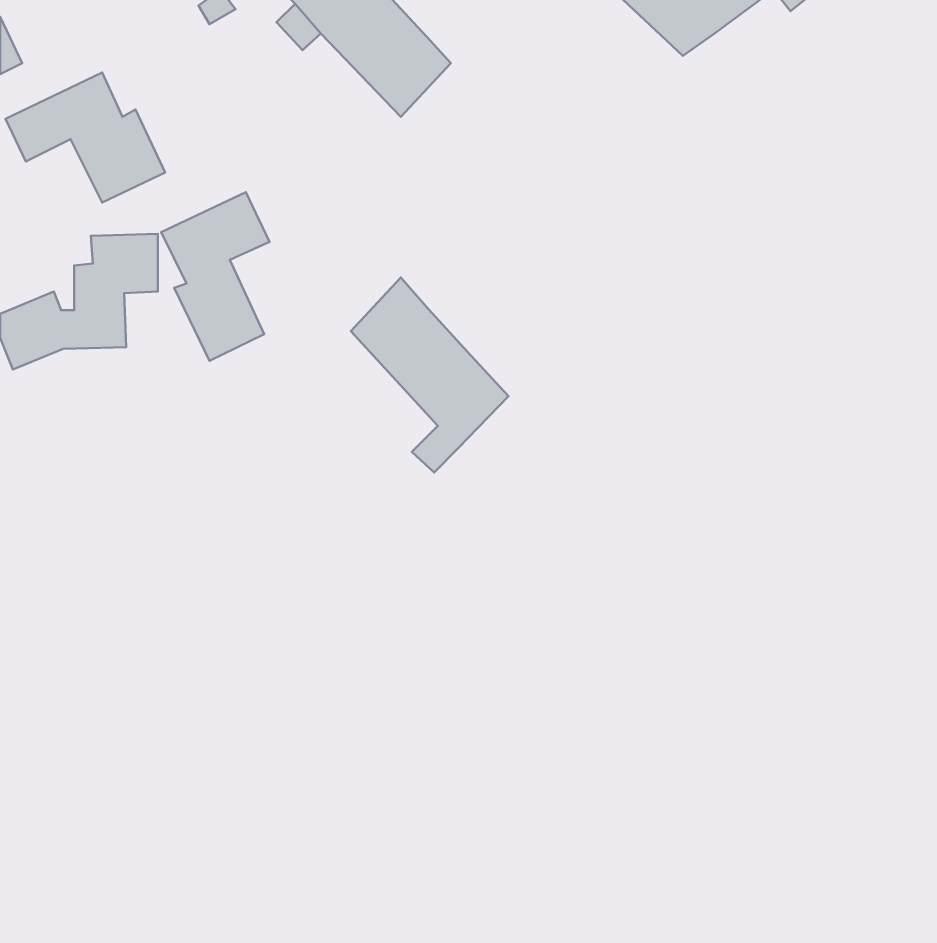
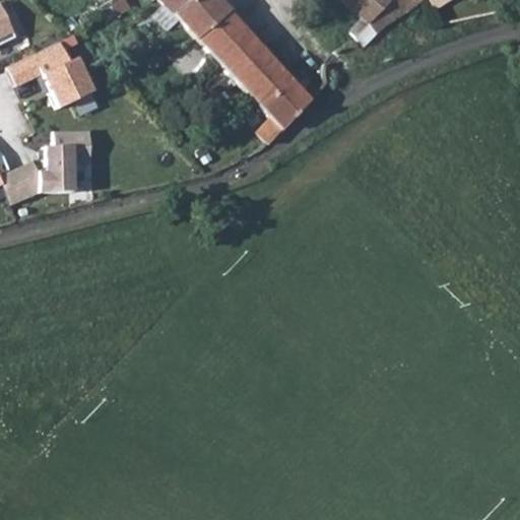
building: [161,192,270,361] -> none
building: [351,277,508,472] -> [225,35,312,141]

